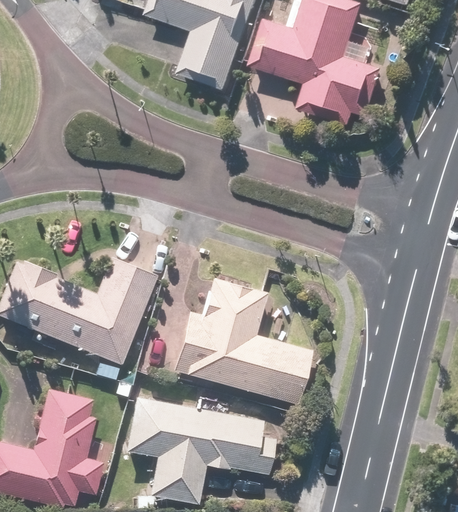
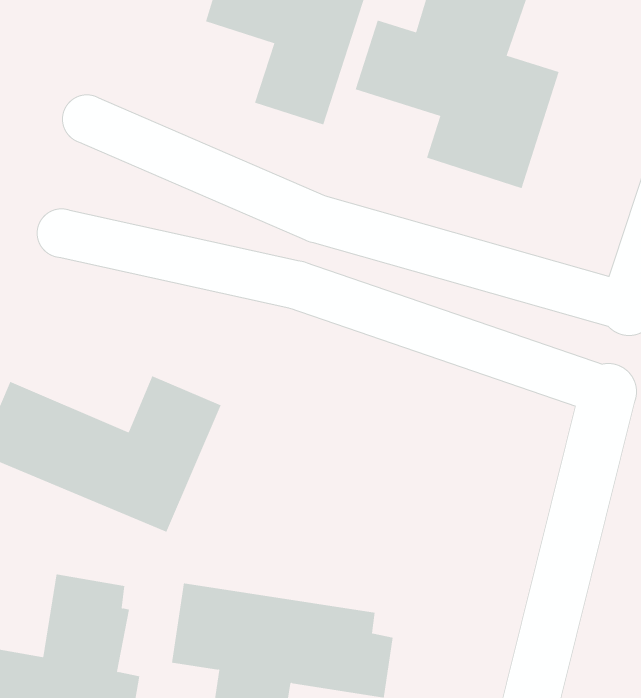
building: [173,275,312,405] -> none

